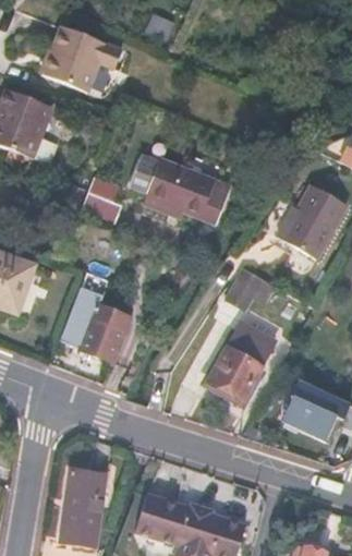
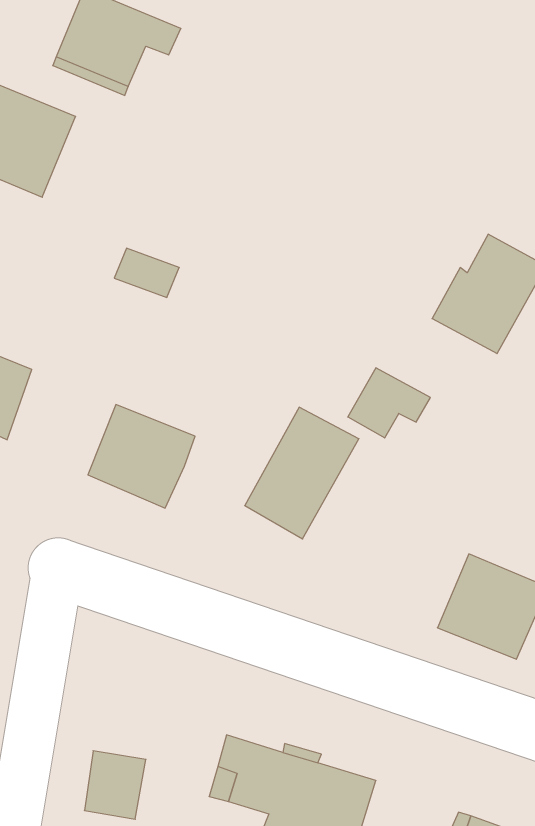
building: [145,161,234,227] -> none
building: [207,319,278,401] -> [245,407,359,539]
building: [66,471,105,509] -> none

